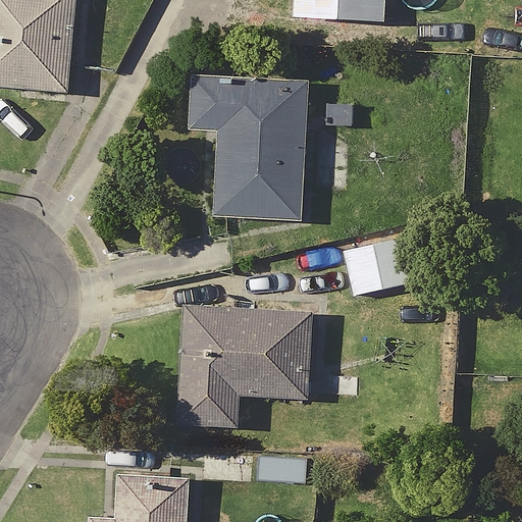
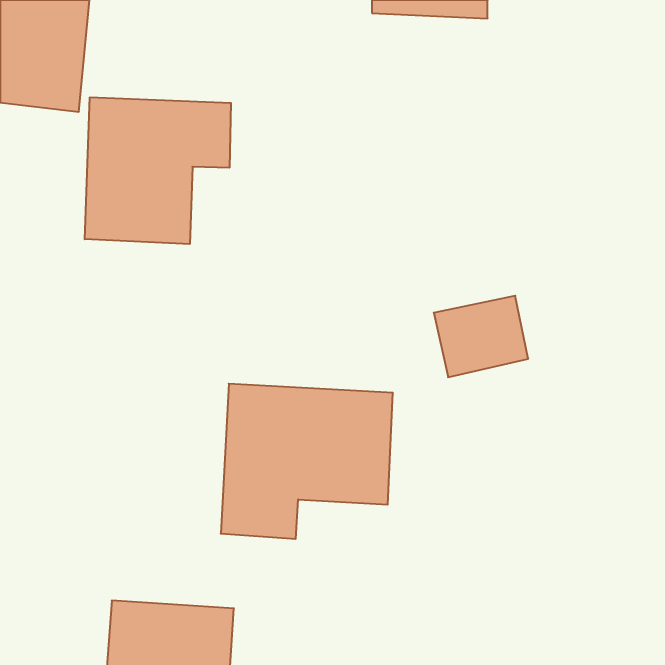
building: [188,77,306,220] -> none
building: none -> [85,97,231,244]

